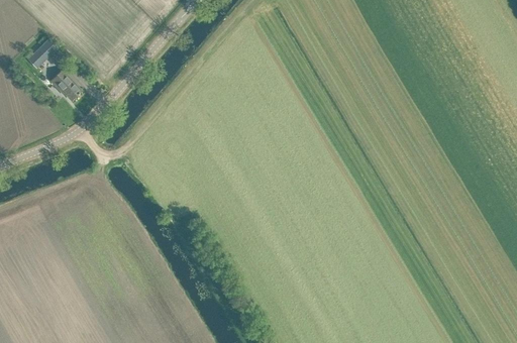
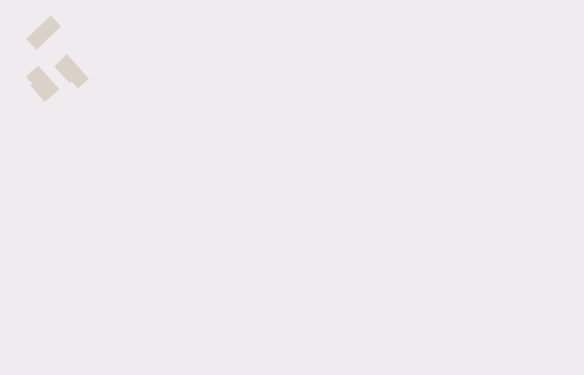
building: none -> [25,65,61,103]

